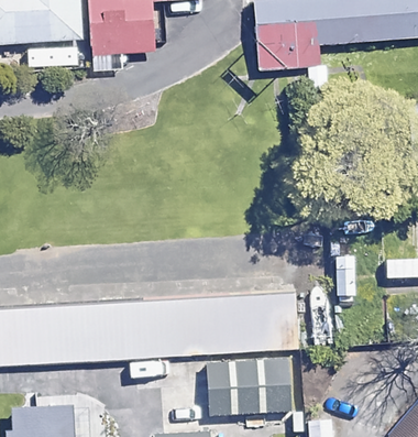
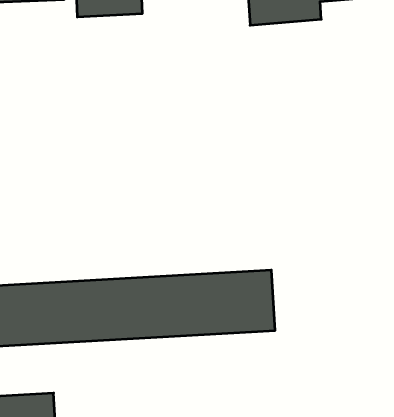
building: [208,361,294,418] -> none

